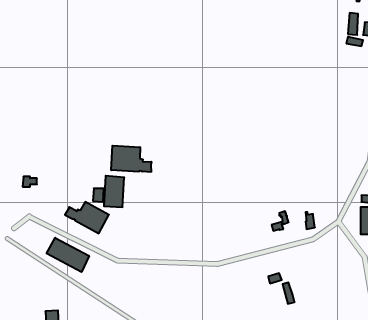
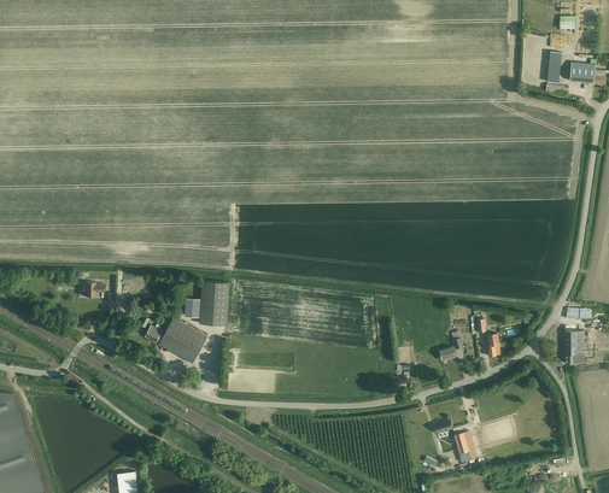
building: [111,146,151,172] -> none
building: [47,238,89,272] -> none

